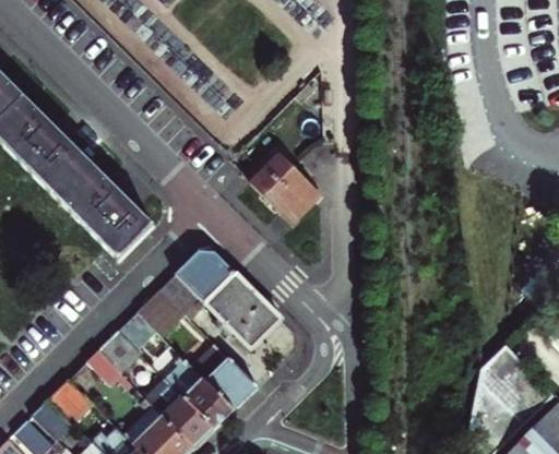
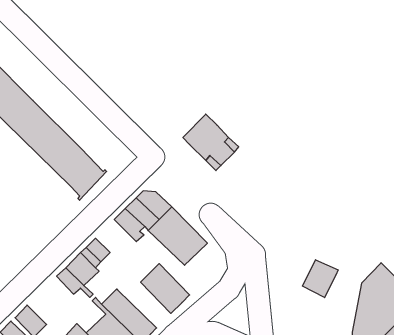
building: [138,288,185,335] -> none
building: none -> [303,260,338,298]
building: [166,346,235,428] -> none
building: [49,379,95,423] -> none

